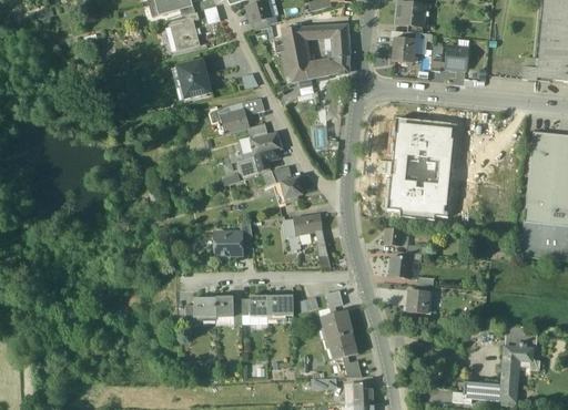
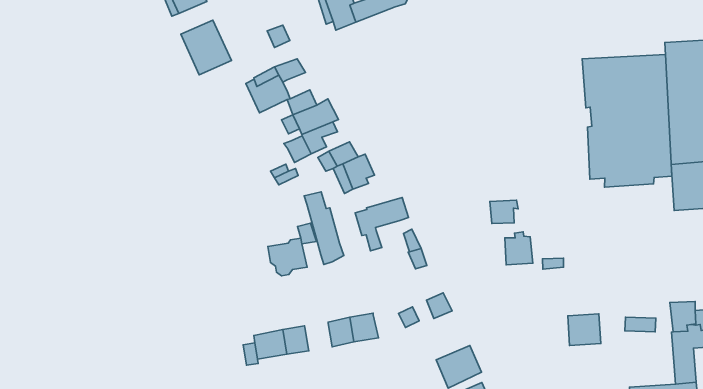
building: [386,119,457,219] -> [582,54,672,187]
building: none -> [304,192,344,265]
building: [407,289,433,314] -> [568,314,601,346]
building: [321,309,353,338] -> none

